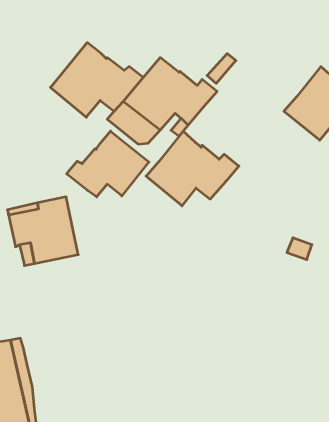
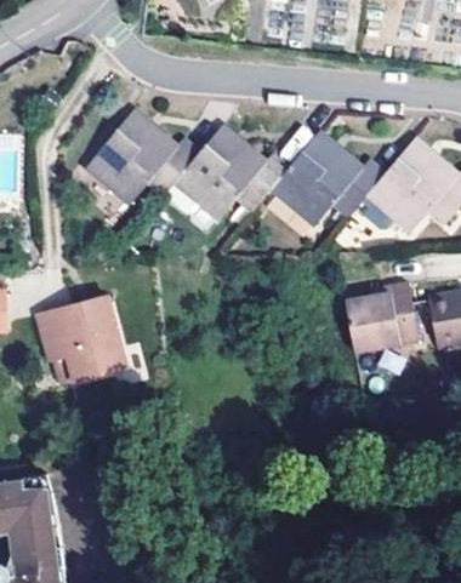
building: [67,131,149,197] -> none
building: [146,131,239,206] -> [273,135,386,225]
building: none -> [346,281,414,344]

